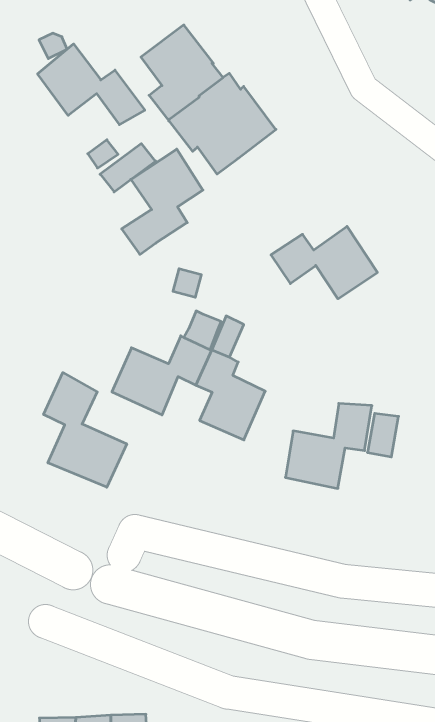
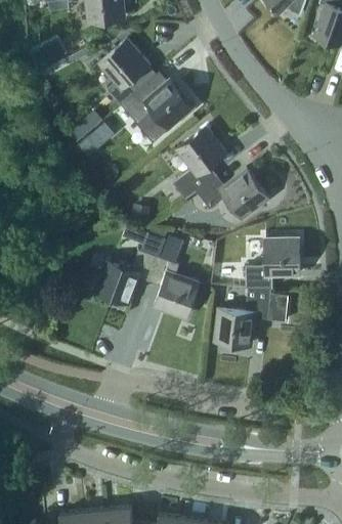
building: [38,44,145,125] -> none
building: [122,149,203,254] -> [172,127,225,200]
building: none -> [246,238,299,289]
building: [44,373,127,487] -> none

